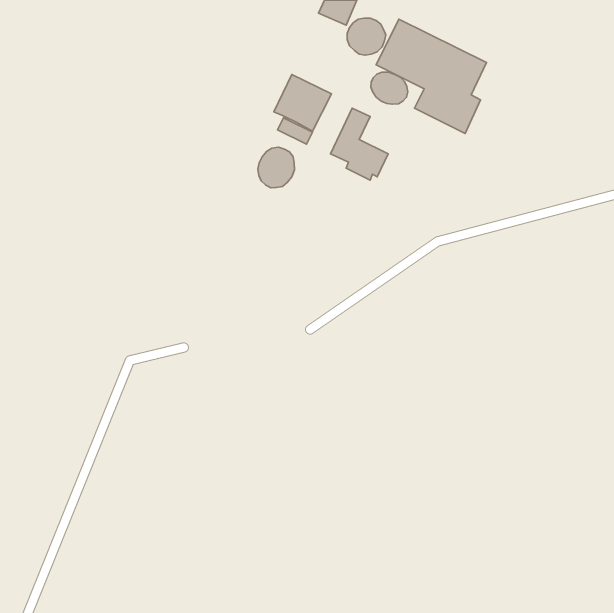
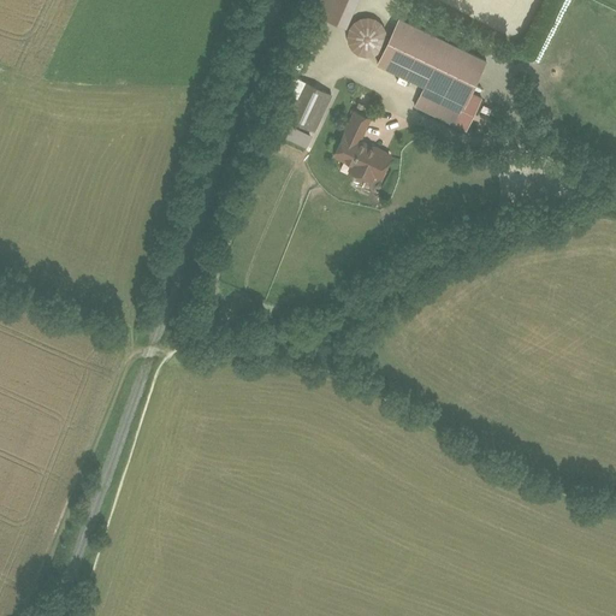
building: [371,72,408,104] -> none
building: [258,147,294,188] -> none

